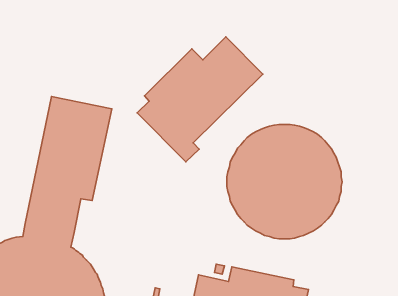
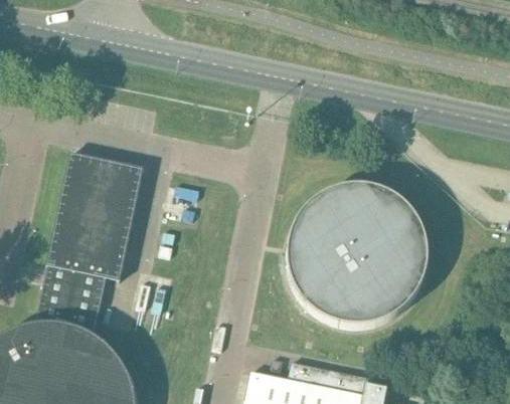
building: [137,37,263,162] -> none

